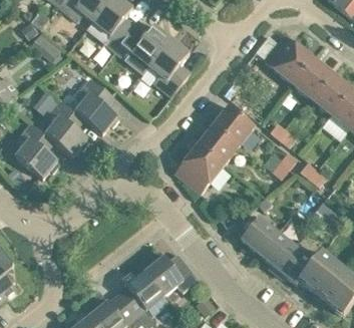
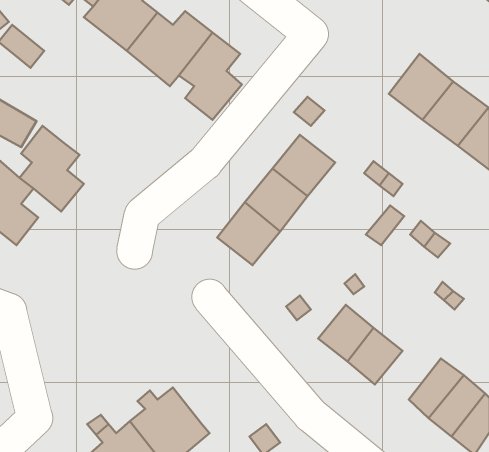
building: [264,35,307,79] -> none
building: [75,78,117,134] -> none
building: [278,248,313,285] -> none
building: [145,251,198,296] -> none

